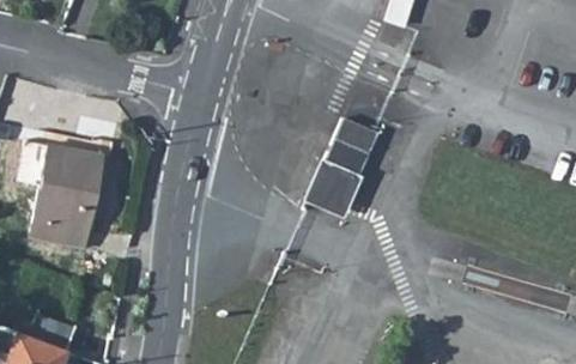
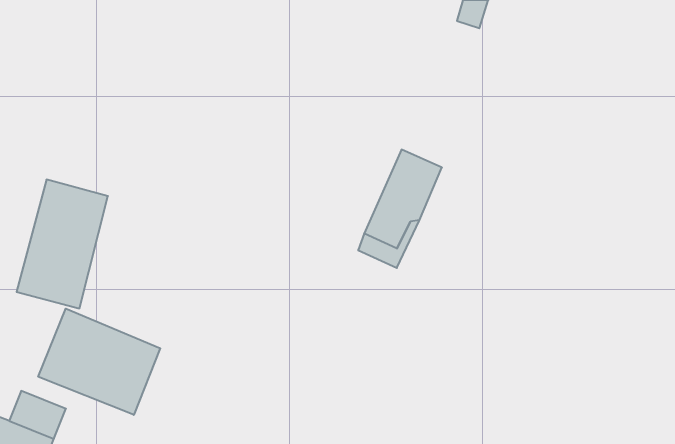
building: none -> [38,309,160,415]

